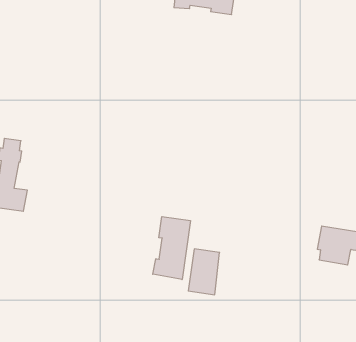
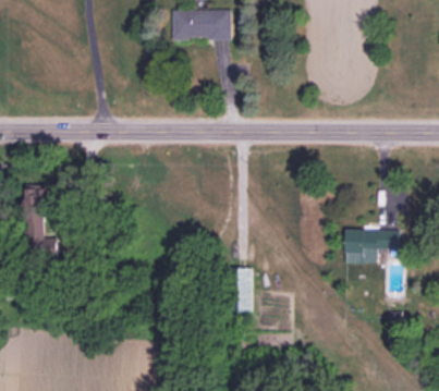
building: [153,217,190,280] -> none

